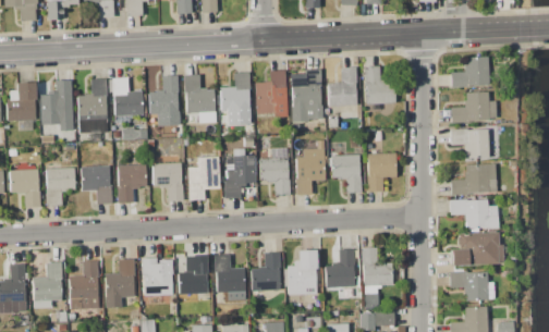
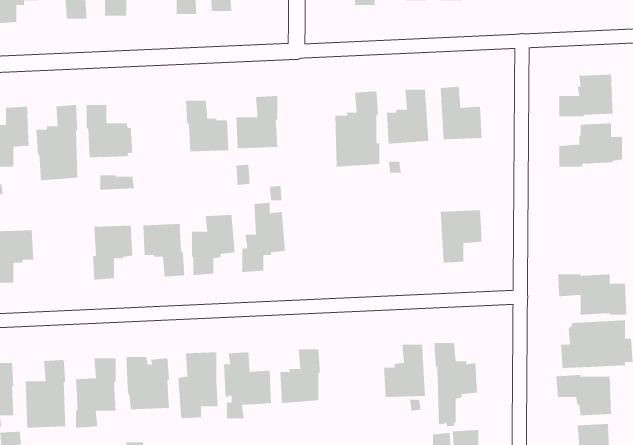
building: [255,70,288,116] -> none
building: [149,75,179,114] -> none
building: [450,130,490,159] -> none
building: [296,140,327,195] -> none
building: [260,147,291,196] -> none
building: [331,155,362,193] -> none
building: [451,163,497,196] -> none
building: [82,165,112,205] -> none
building: [288,250,317,295] -> none

